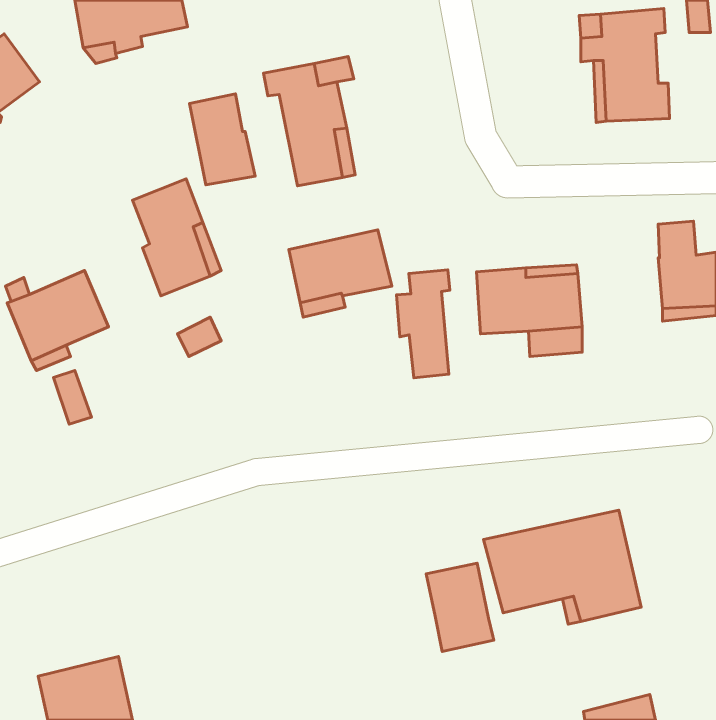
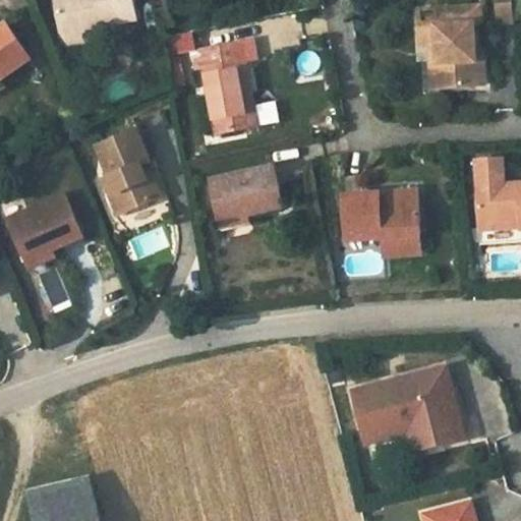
building: [190,94,255,185] -> none
building: [396,270,450,378] -> none
building: [426,563,494,652] -> none

